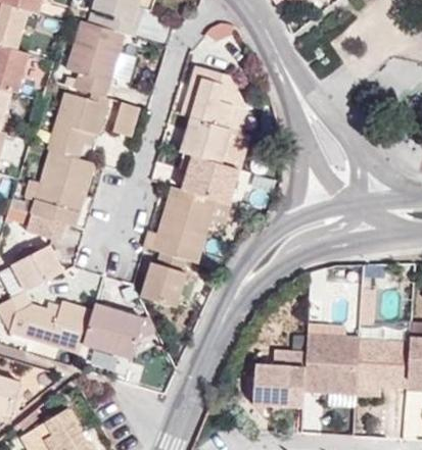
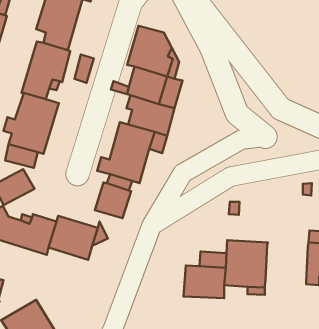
building: [355,340,408,386] -> none

